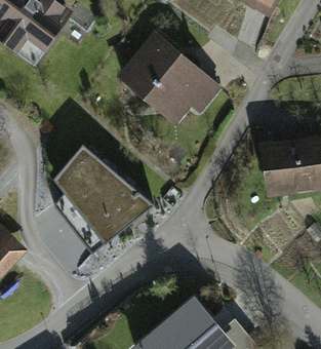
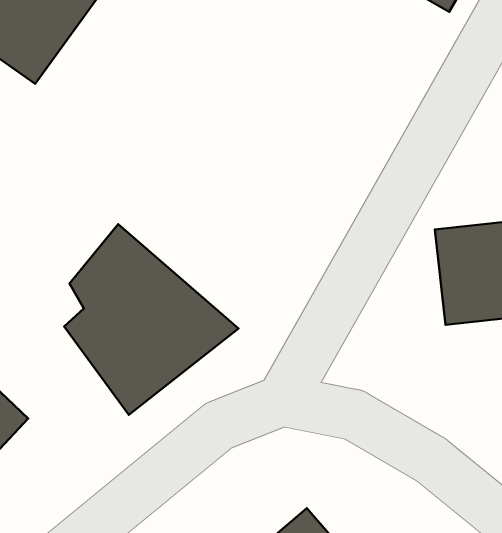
building: [117,34,218,122] -> none

